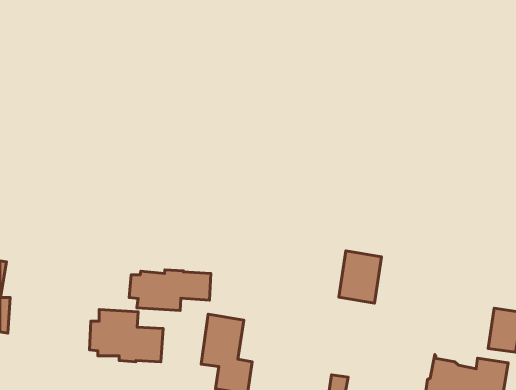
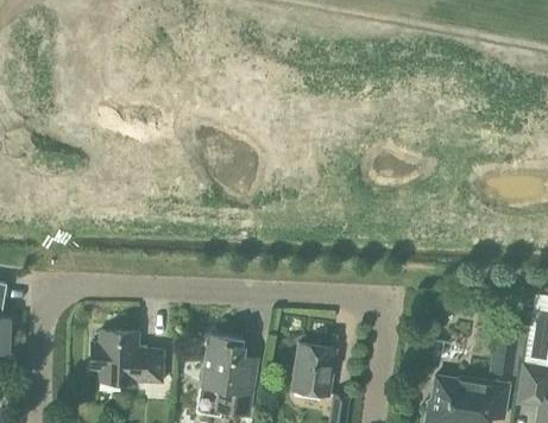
building: [339,251,382,303] -> [292,343,335,396]
building: [129,270,211,310] -> none

